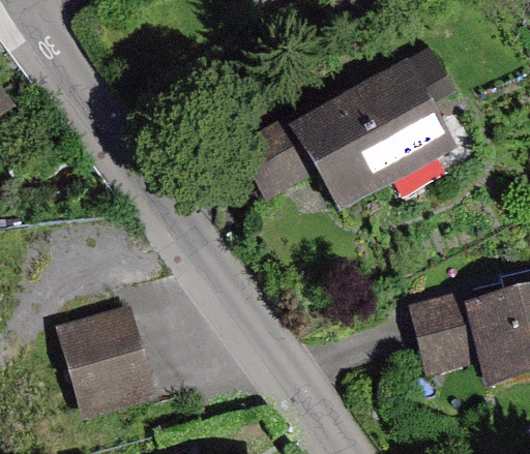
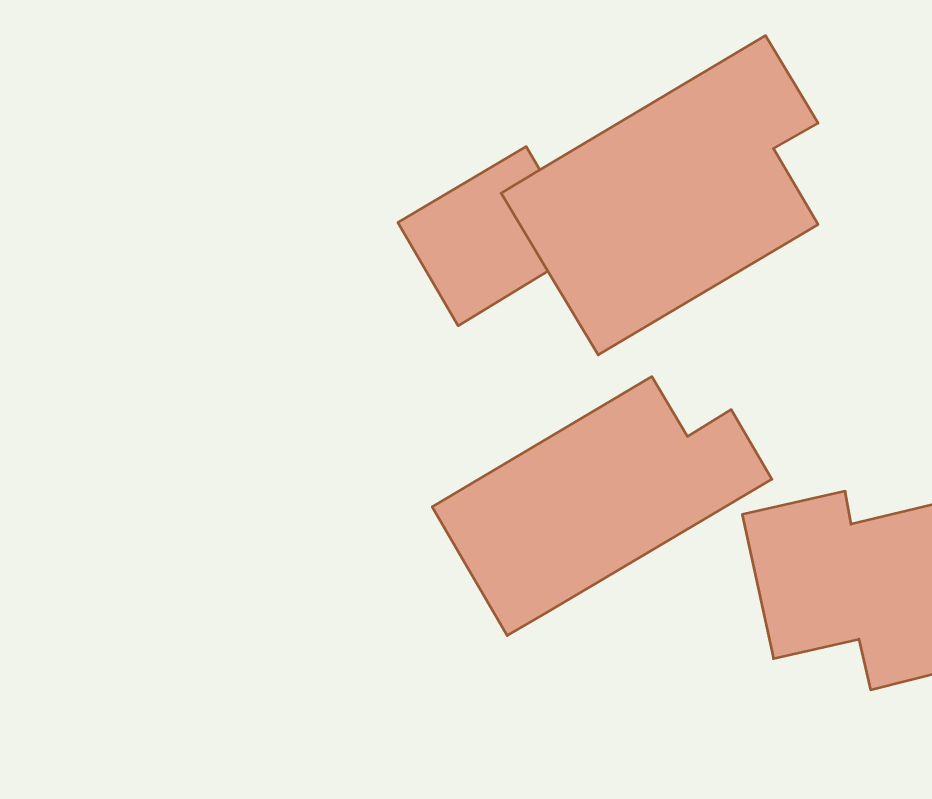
building: none -> [432,377,772,636]
building: [56,306,155,410] -> none

